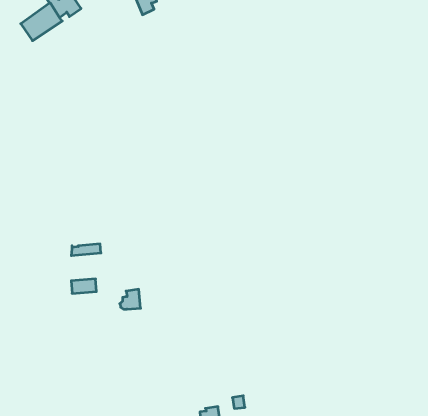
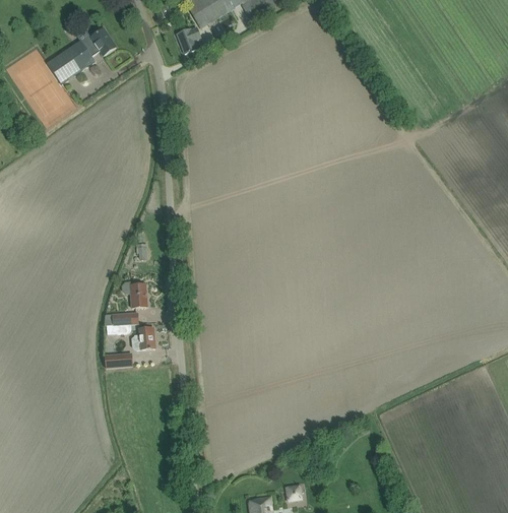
building: none -> [122,281,147,307]
building: [120,289,141,309] -> [132,326,155,348]

